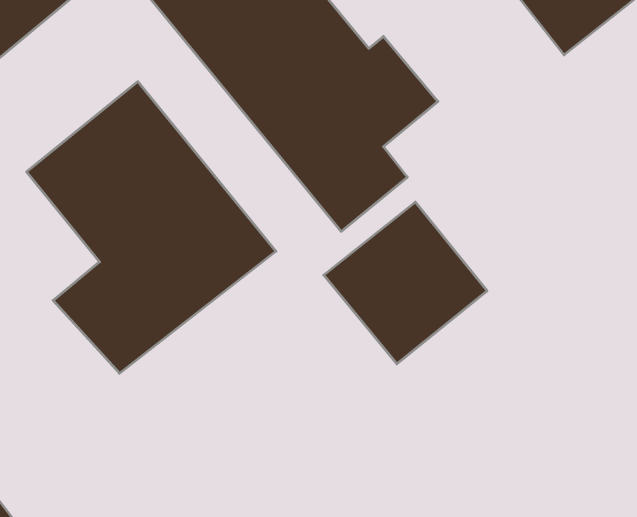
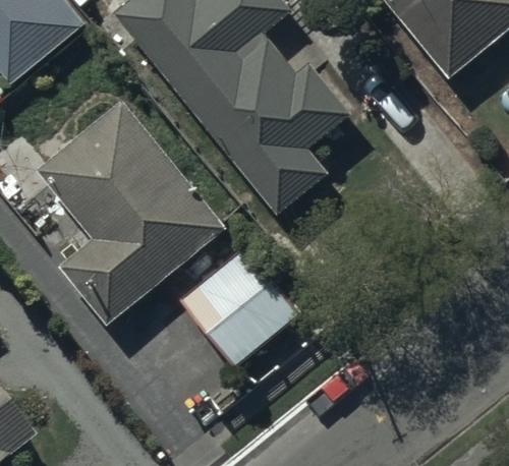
building: [324,202,487,364] -> [178,244,303,368]

